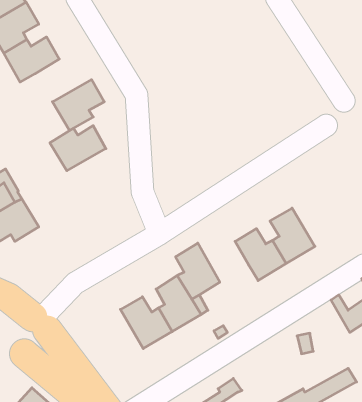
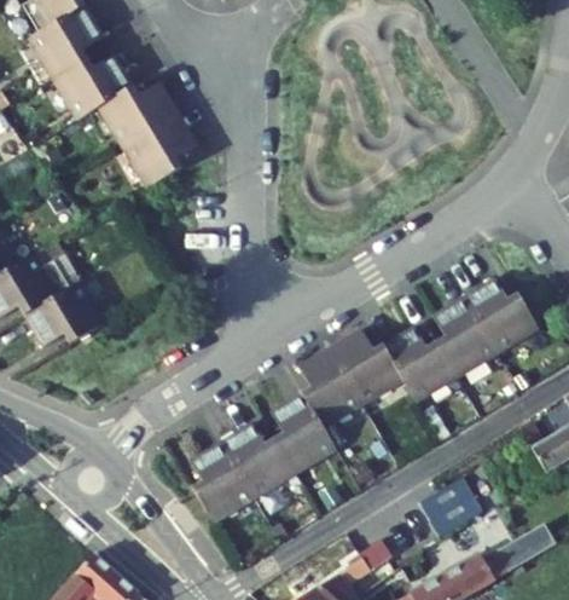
building: [50,126,106,171] -> [99,83,179,148]
building: none -> [464,279,536,353]
building: none -> [330,330,402,404]
building: none -> [188,443,252,523]
building: none -> [419,480,480,538]

